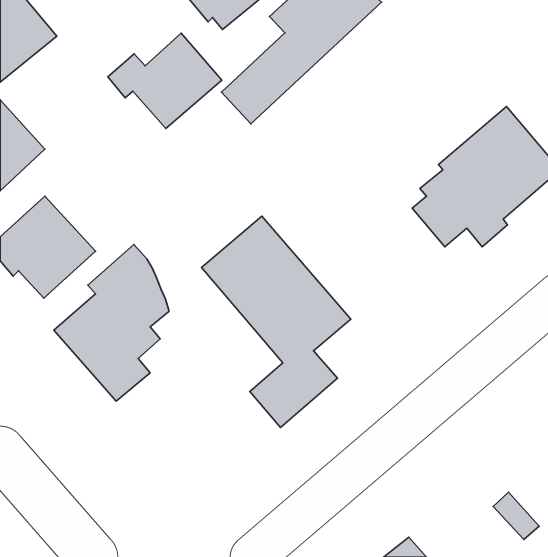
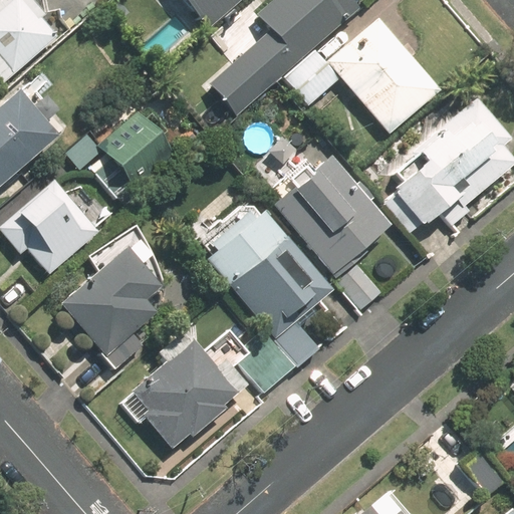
building: none -> [286,17,441,134]
building: [108,33,222,128] -> [68,110,173,198]
building: none -> [268,145,392,306]
building: none -> [122,330,247,447]

